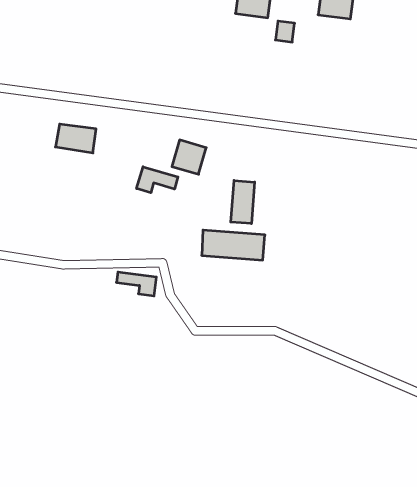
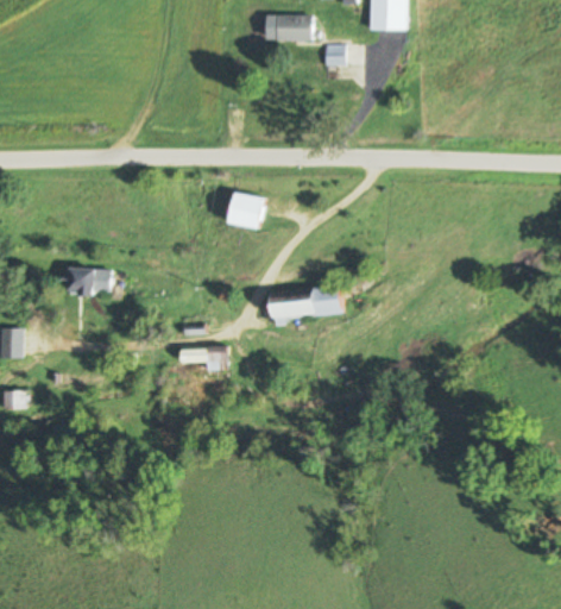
building: [55,124,96,153] -> [67,268,109,295]
building: [137,167,178,193] -> none
building: [231,180,255,224] -> none

